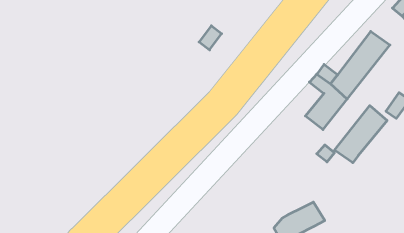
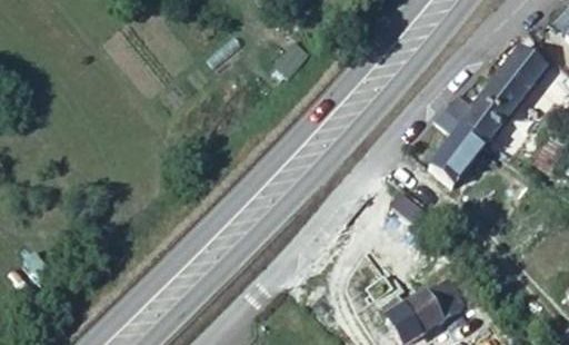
building: [335,106,387,163] -> none

